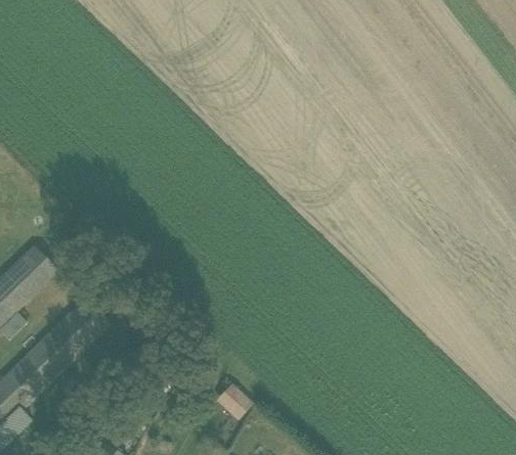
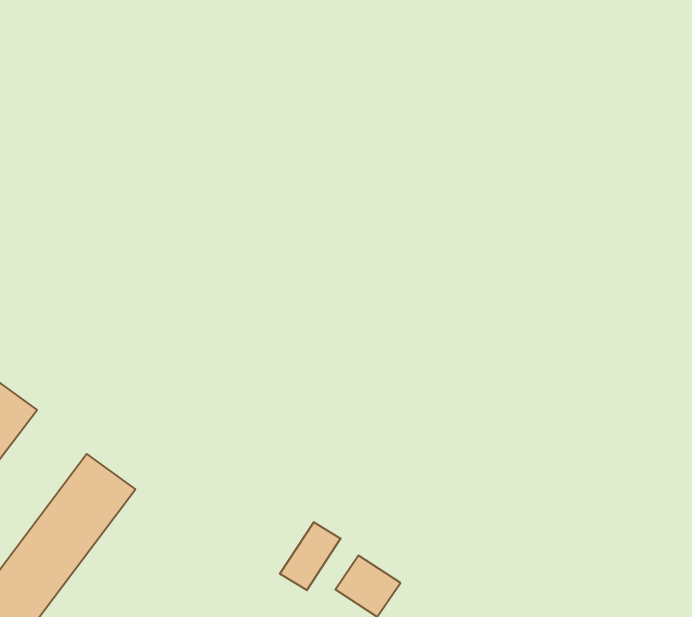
building: none -> [280,522,341,590]

